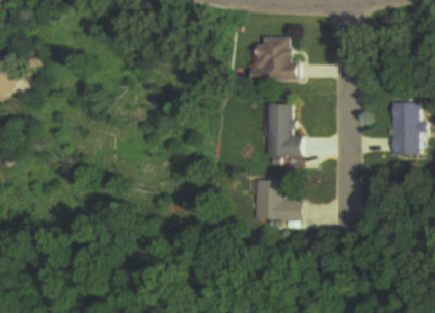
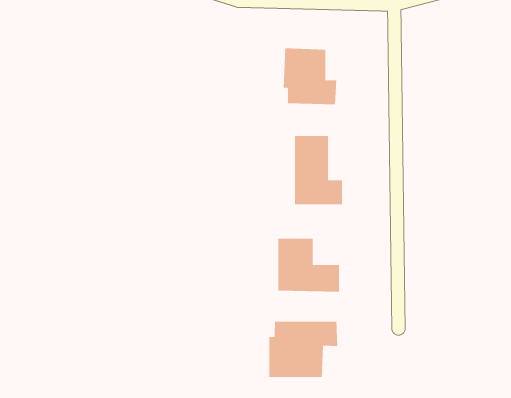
building: [391,103,419,155] -> none
building: none -> [269,321,338,378]

